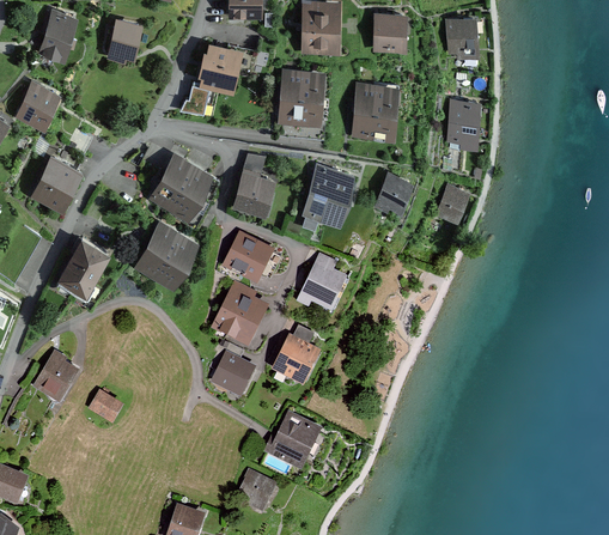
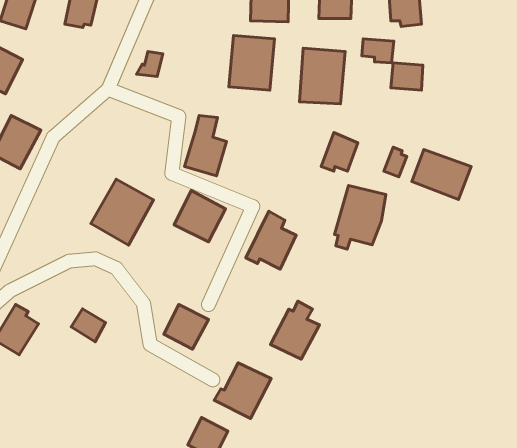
building: [200,43,242,91] -> none
building: [446,124,480,150] -> [362,39,394,63]
building: [147,152,213,220] -> none
building: [300,164,354,231] -> [335,185,386,249]
building: none -> [412,149,471,199]
building: [55,237,109,297] -> none
building: [209,281,269,349] -> none
building: [269,327,321,388] -> [270,301,320,359]
building: [86,391,122,426] -> [71,309,105,342]

